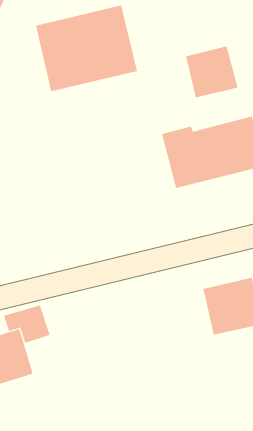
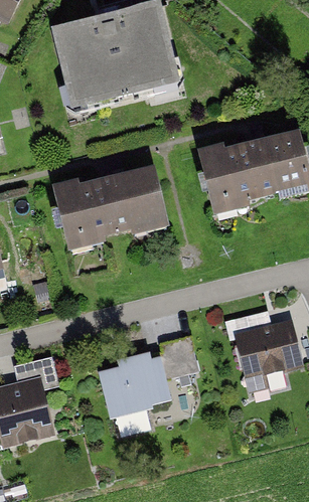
building: [185,45,238,98] -> none
building: none -> [50,167,172,249]
building: none -> [98,338,199,416]

